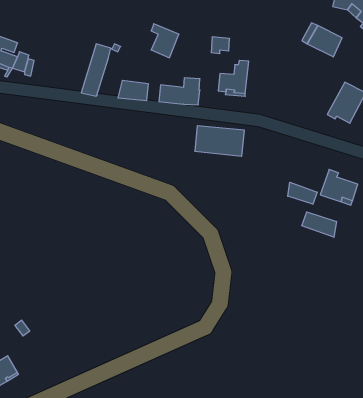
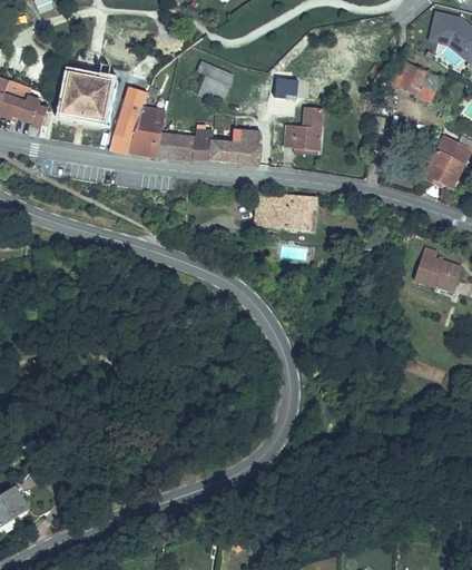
building: none -> [60,70,112,122]
building: none -> [128,105,165,156]
building: none -> [191,129,213,159]
building: [288,182,317,204] -> none
building: [302,212,336,237] -> none

